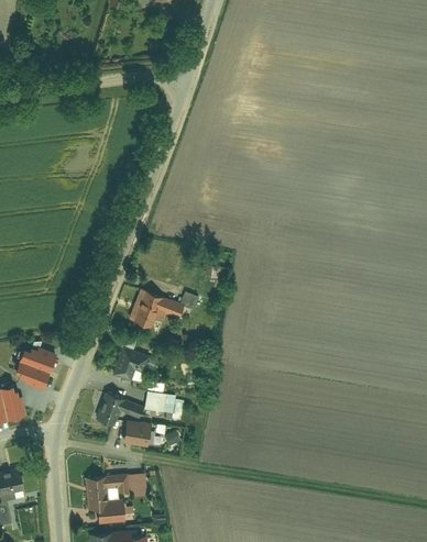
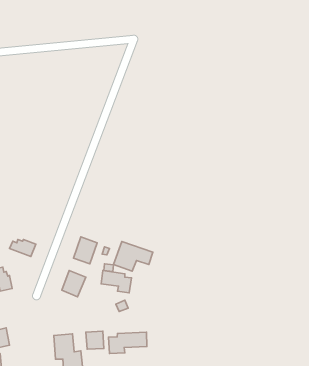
building: [130,289,183,329] -> [113,241,153,271]
building: [19,362,51,389] -> none
building: [121,420,149,447] -> none
building: none -> [109,332,147,353]

